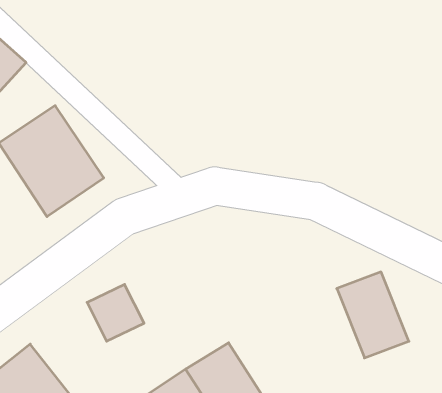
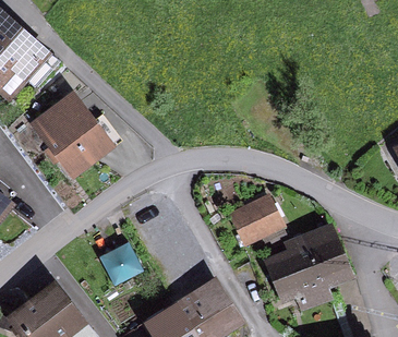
building: none -> [229,194,284,244]
building: none -> [262,237,318,305]

